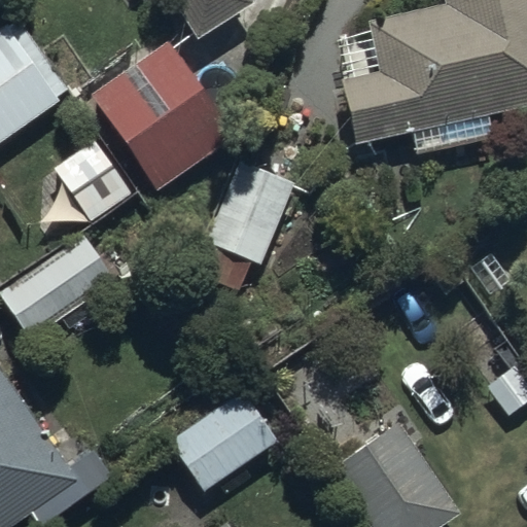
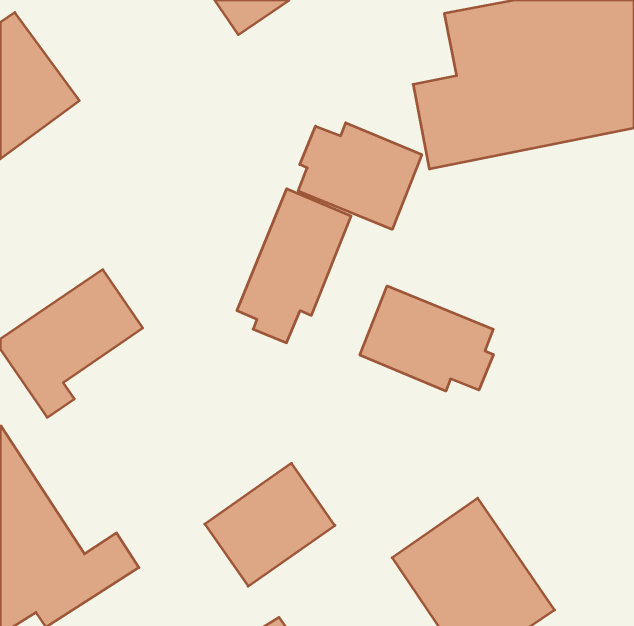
building: [69,40,236,205] -> none
building: none -> [298,123,422,229]
building: none -> [360,286,493,391]

